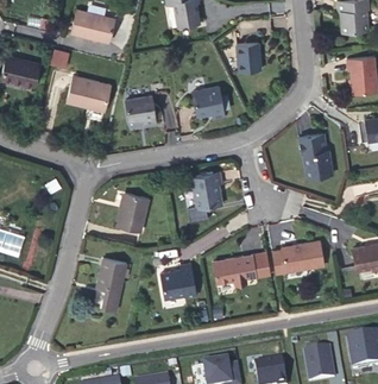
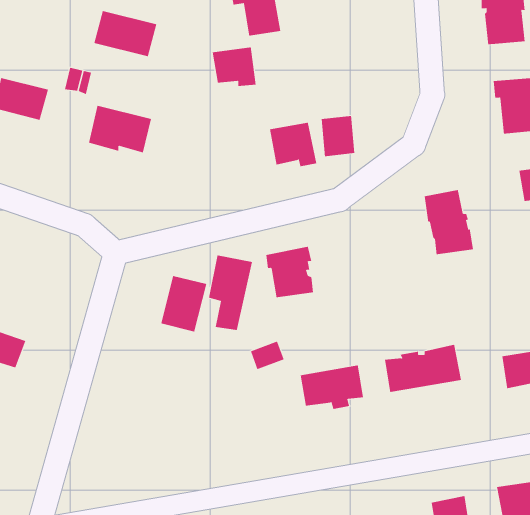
building: [237,43,260,71] -> [321,115,355,157]
building: [125,96,156,124] -> [212,47,257,86]
building: [96,258,127,310] -> [208,255,253,331]
building: [159,265,196,300] -> none

